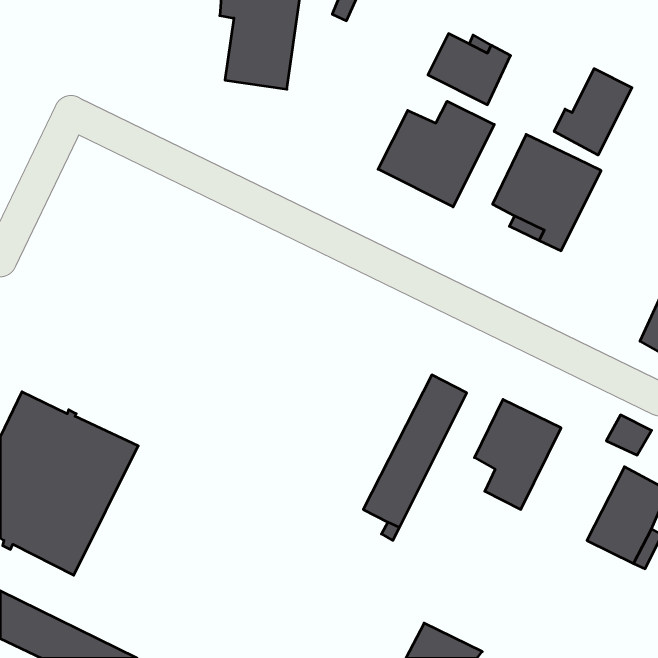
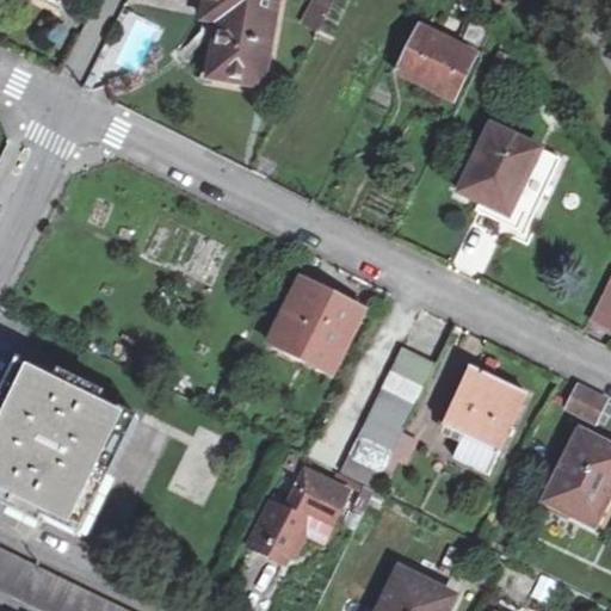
building: [554,69,632,155] -> none
building: [378,101,494,207] -> none
building: none -> [272,283,359,372]
building: none -> [241,467,347,560]

